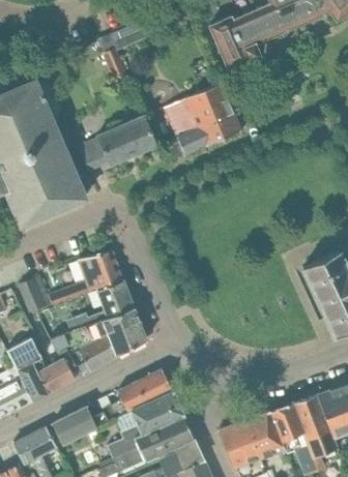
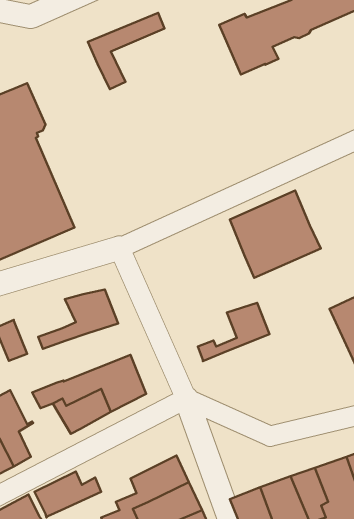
building: [164,82,241,156] -> [230,190,321,278]
building: [79,116,157,171] -> none
building: [72,280,134,330] -> [198,303,269,361]
building: [38,349,83,394] -> none
building: [104,369,173,424] -> none

